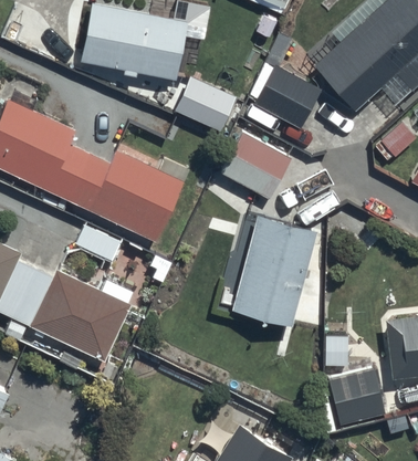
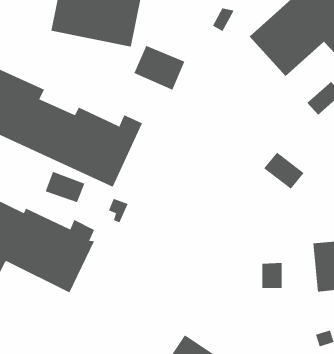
building: [250,64,323,135] -> none
building: [218,129,292,199] -> none
building: [234,218,317,327] -> none
building: [325,363,384,418] -> none

